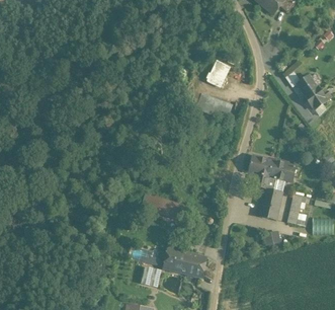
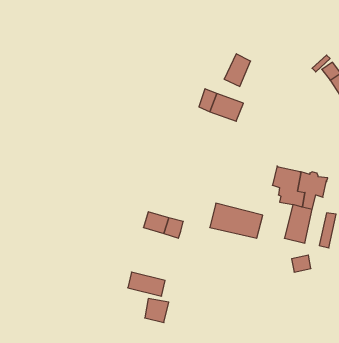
building: [161,248,205,278] -> [210,203,263,238]

